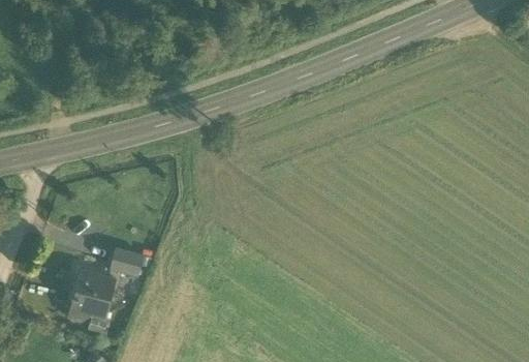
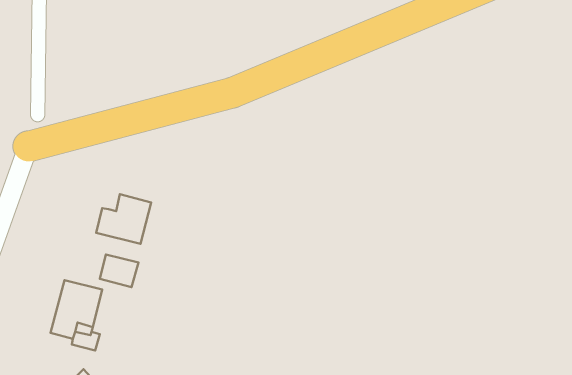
building: none -> [96,194,151,244]

